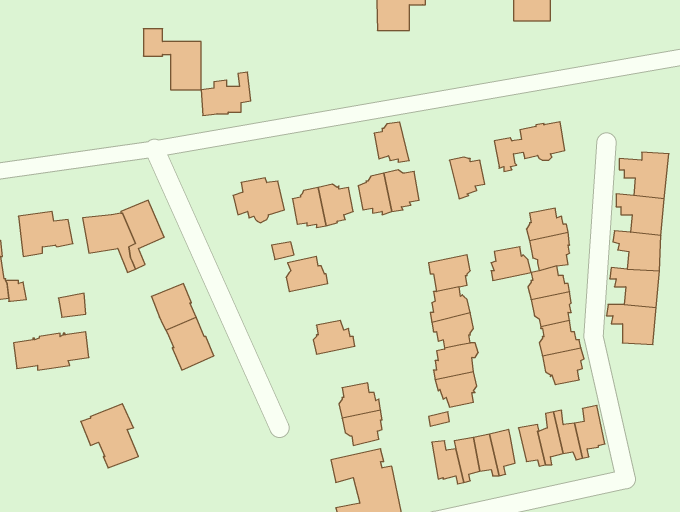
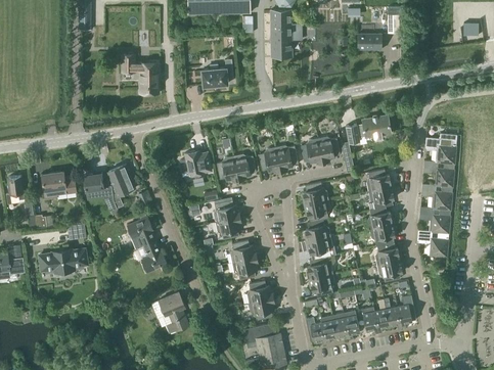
building: [201,72,251,115] -> [201,58,233,86]
building: [374,122,409,162] -> [301,138,323,164]
building: [491,247,531,280] -> [303,182,328,203]
building: none -> [215,217,241,239]
building: none -> [232,257,258,279]
building: [81,404,138,468] -> [151,291,188,332]

